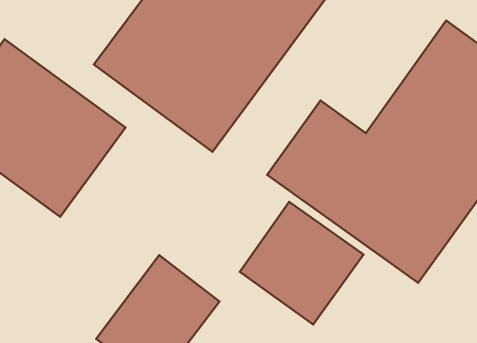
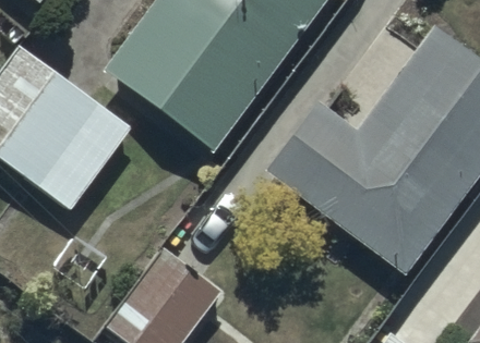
building: [240,202,364,325] -> none

